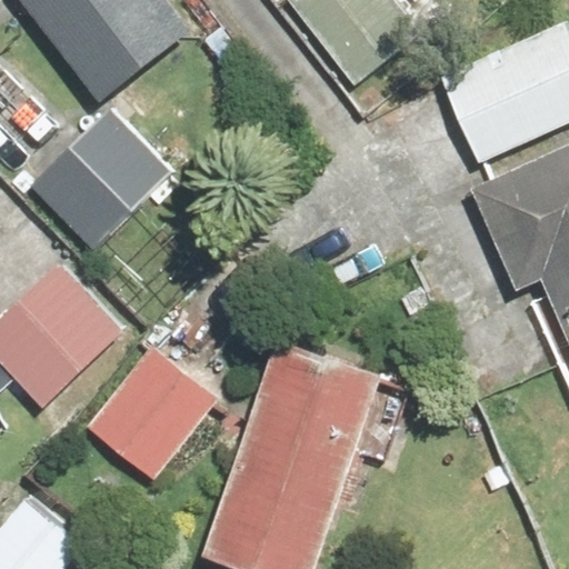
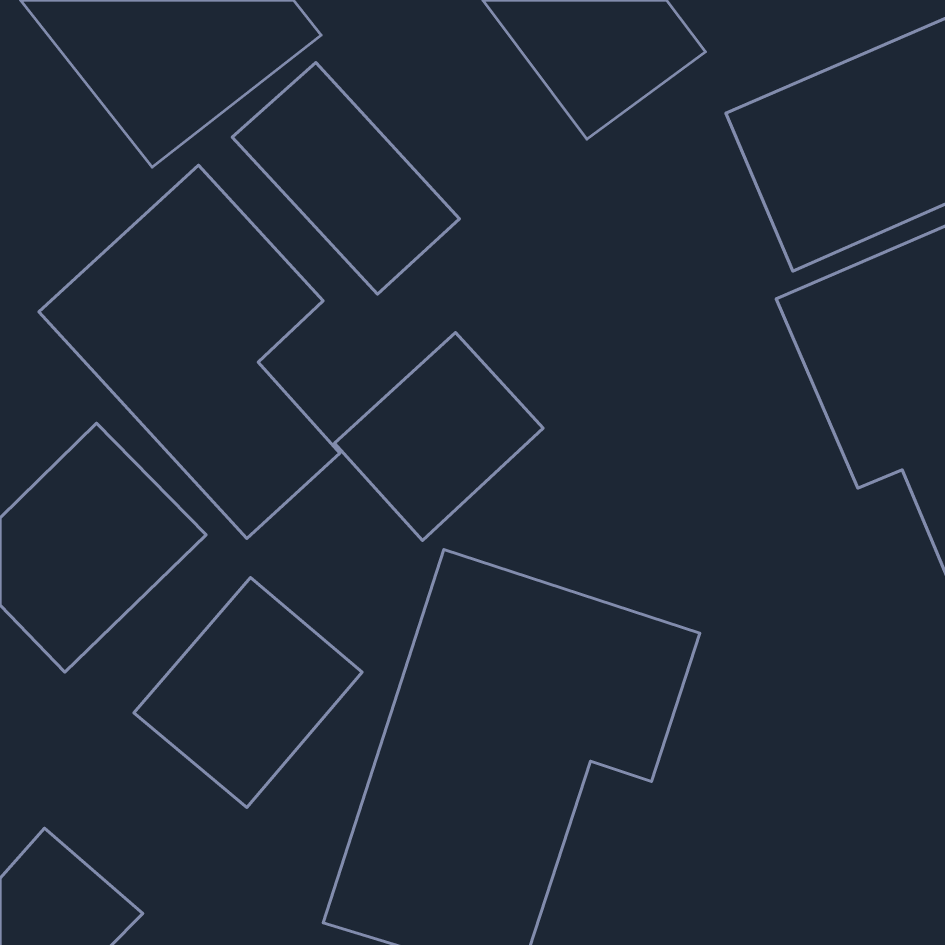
building: none -> [232,62,459,294]
building: none -> [335,333,543,541]

